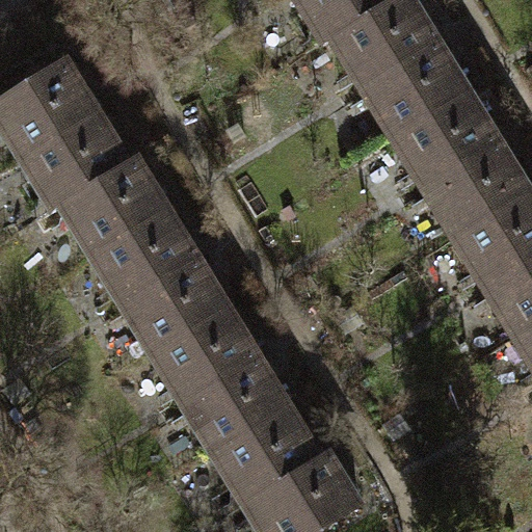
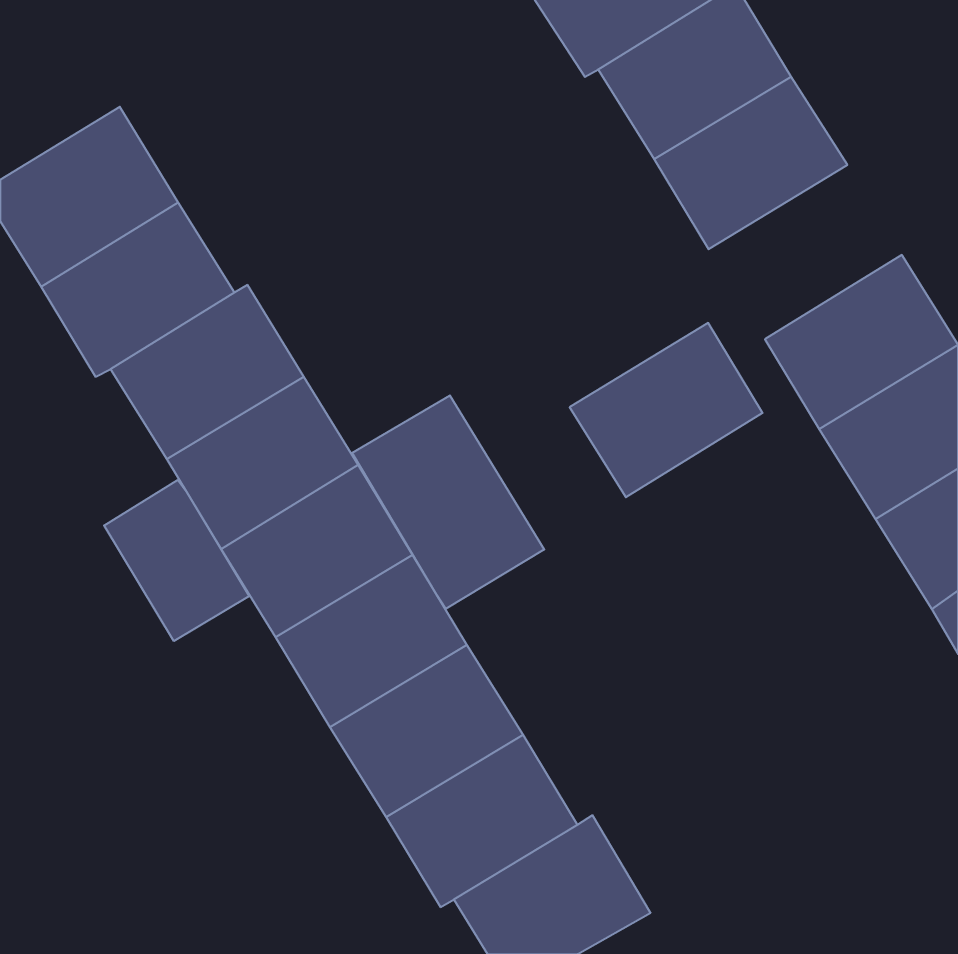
building: [393,91,500,188] -> [570,323,763,497]
building: none -> [352,395,544,609]
building: none -> [104,480,249,641]

